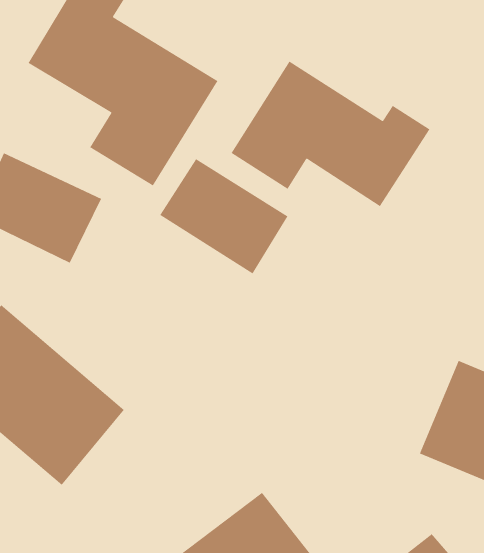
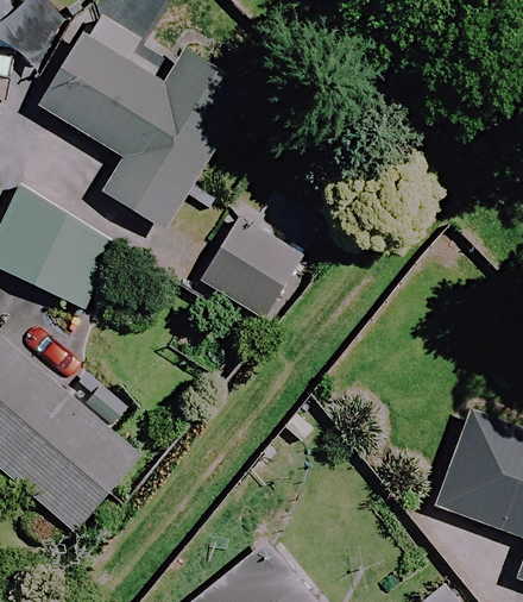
building: [231,61,431,207] -> none

